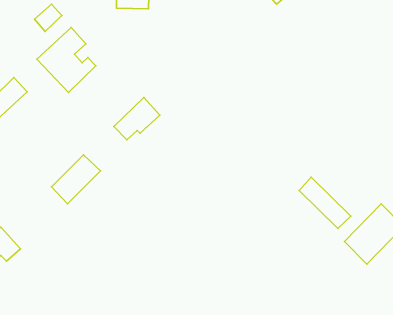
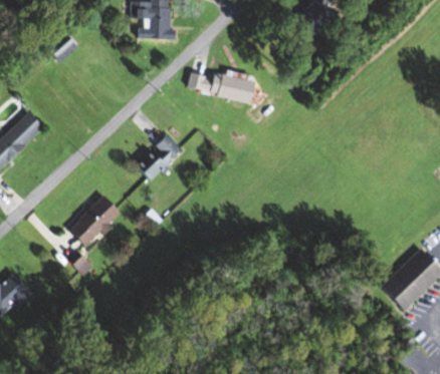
building: [37,28,96,92] -> none
building: none -> [188,70,257,105]
building: [299,177,351,228] -> none

